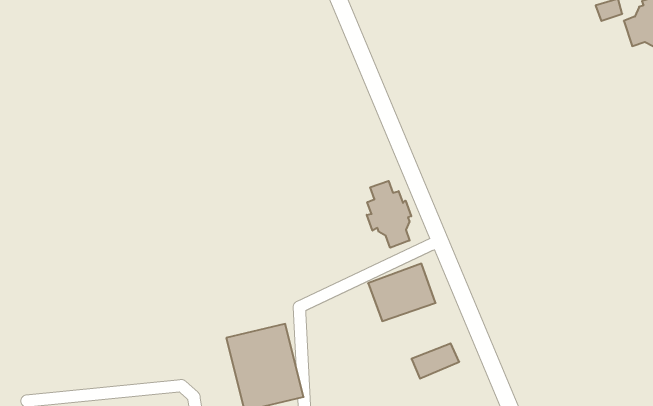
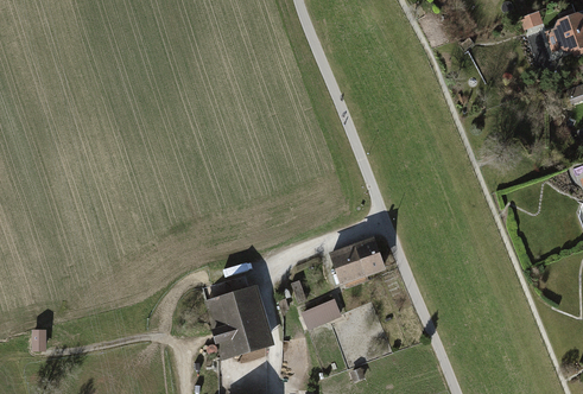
building: [367,181,411,248] -> none
building: [411,343,459,379] -> [300,299,341,329]

